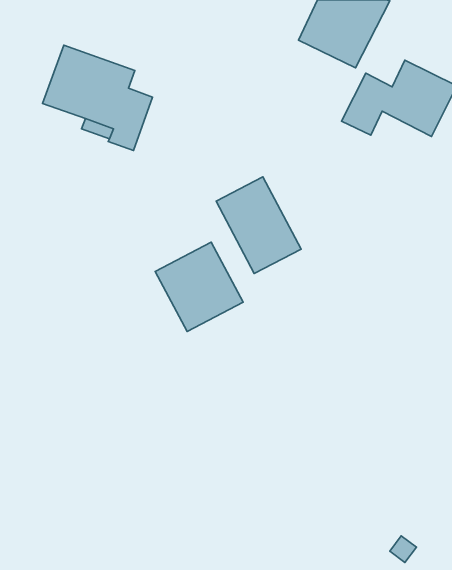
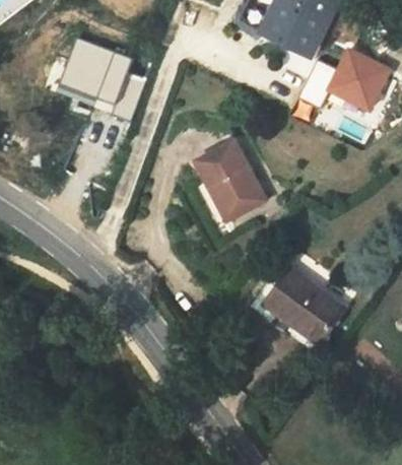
building: [155,242,243,331] -> none
building: none -> [253,262,347,351]

